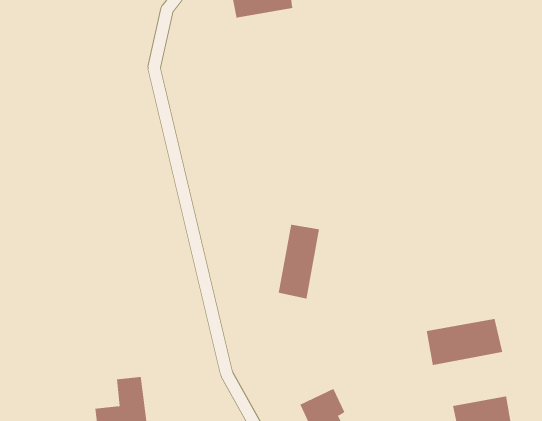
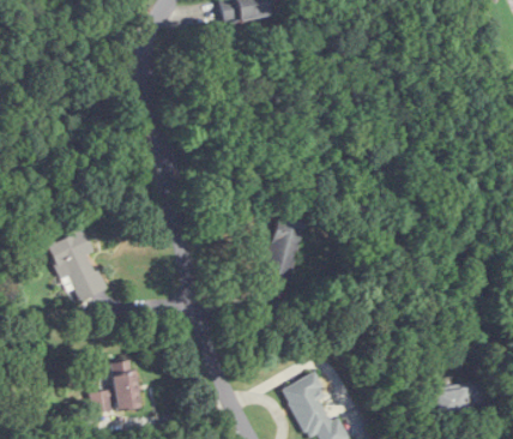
building: none -> [50,231,107,303]
building: [426,318,503,366] -> none

